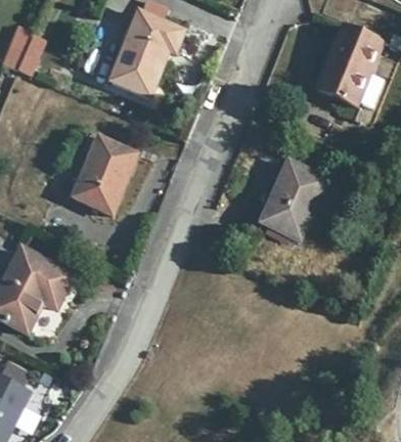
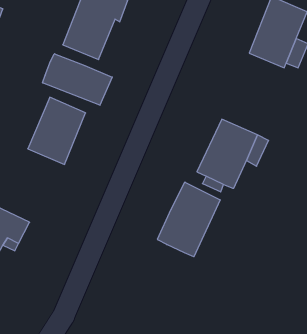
building: none -> [43,54,112,105]
building: none -> [157,182,220,257]

